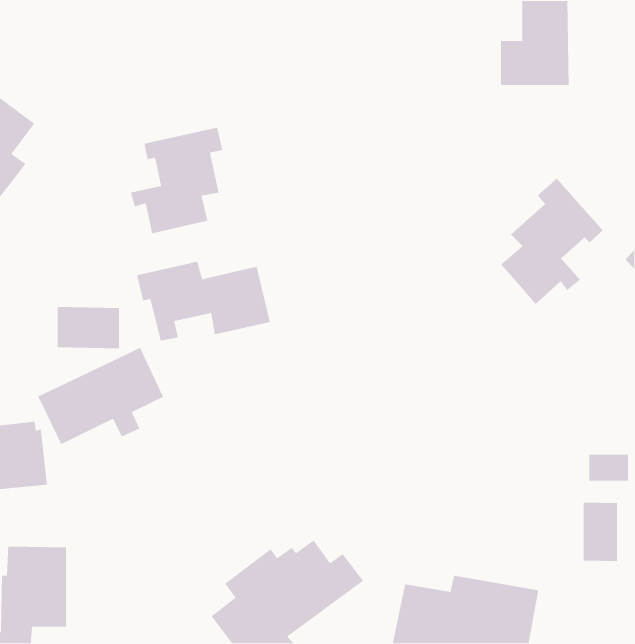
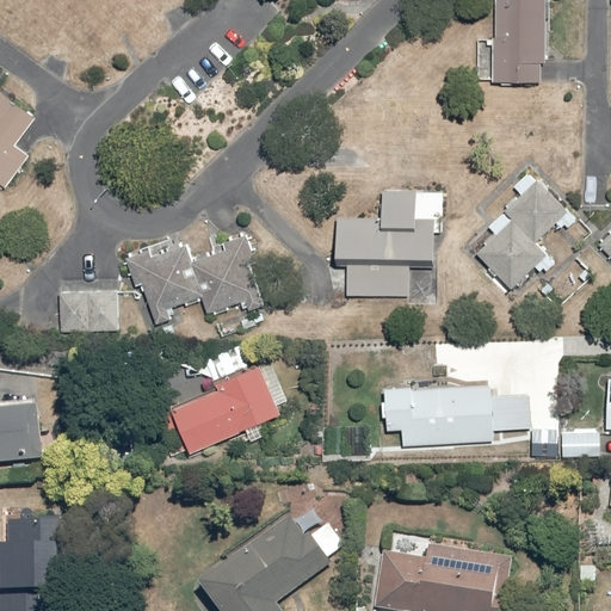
building: [130,127,223,234] -> none
building: none -> [335,192,434,295]
building: [37,347,164,445] -> [171,358,291,451]
building: none -> [384,376,527,446]
building: [583,502,618,562] -> none

